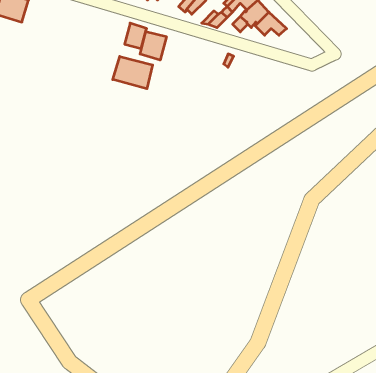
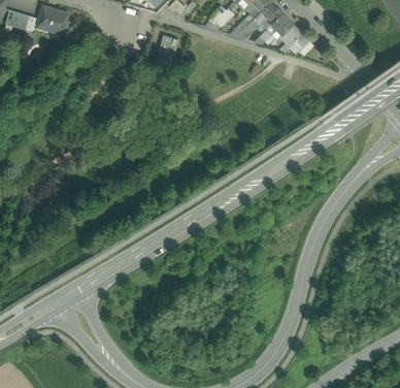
building: [140,31,166,60] -> none
building: [113,56,153,89] -> none

